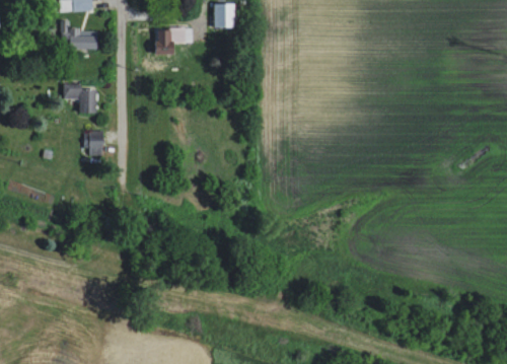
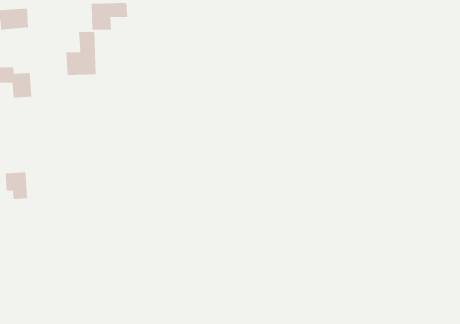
building: none -> [66,31,96,76]
building: [82,131,102,156] -> [5,172,28,199]

